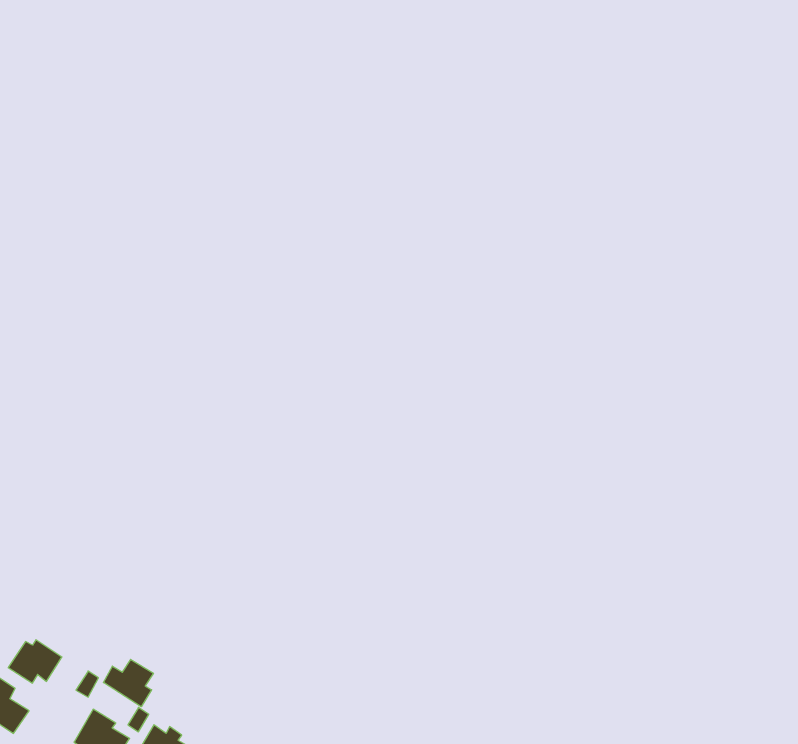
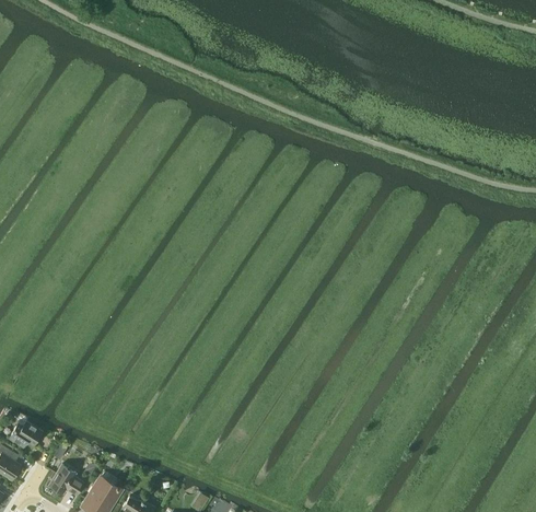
building: [103,659,153,707] -> none

